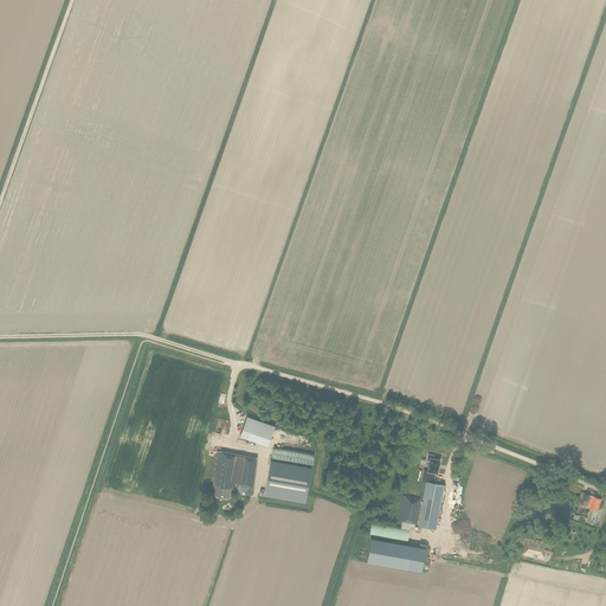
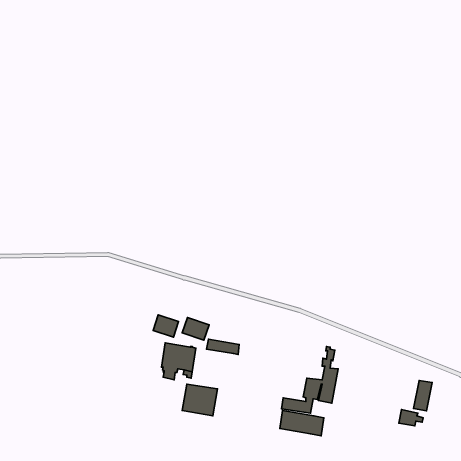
building: none -> [153,315,178,337]
building: [265,462,311,503] -> [182,384,217,416]
building: none -> [413,380,432,411]

